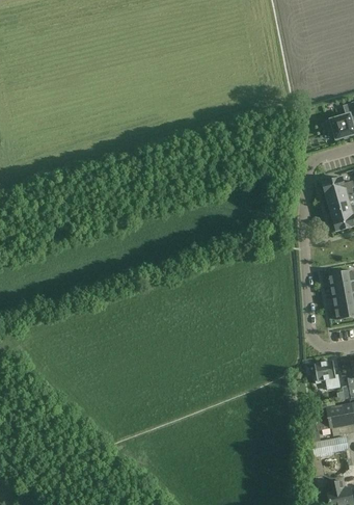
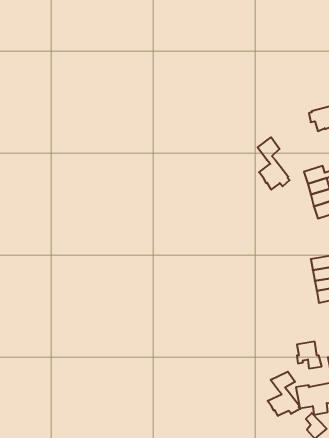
building: none -> [258,137,290,190]
building: none -> [268,372,300,416]

